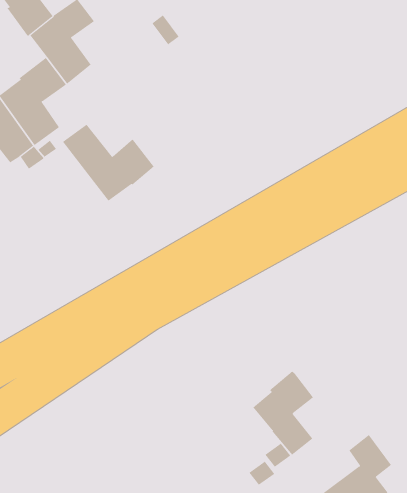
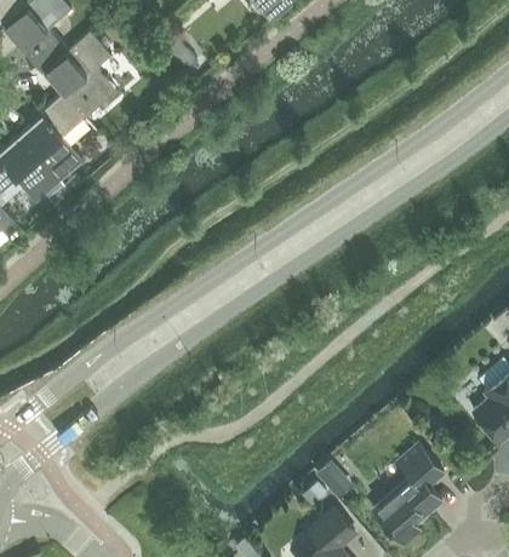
building: [62,124,155,201] -> none
building: [252,371,313,456] -> none

